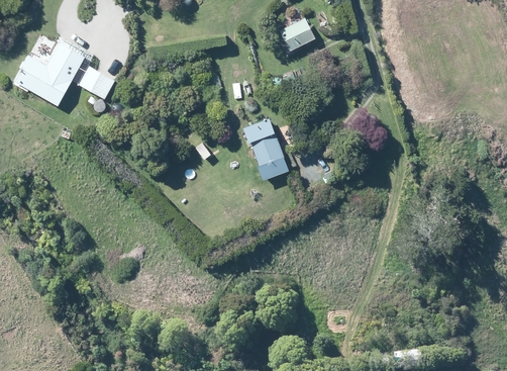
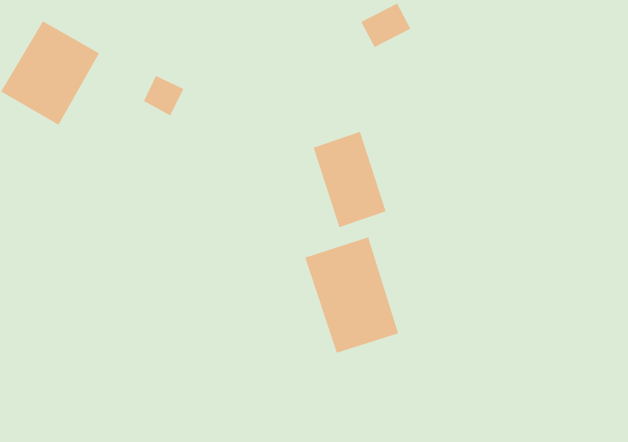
building: [82,65,112,95] -> [143,75,184,116]
building: none -> [304,237,399,353]

